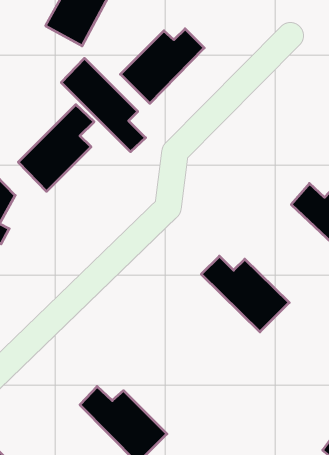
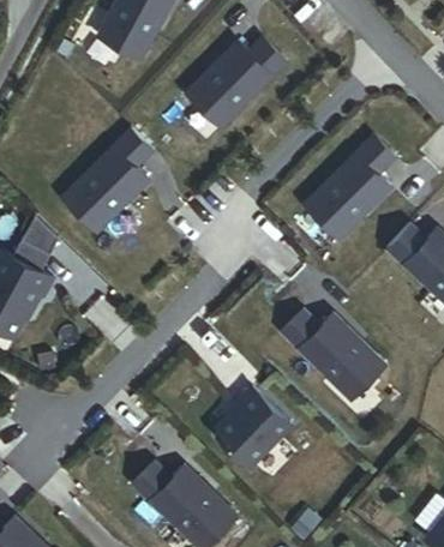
building: [61,58,146,152] -> none
building: none -> [305,136,396,239]
building: none -> [218,385,293,465]

